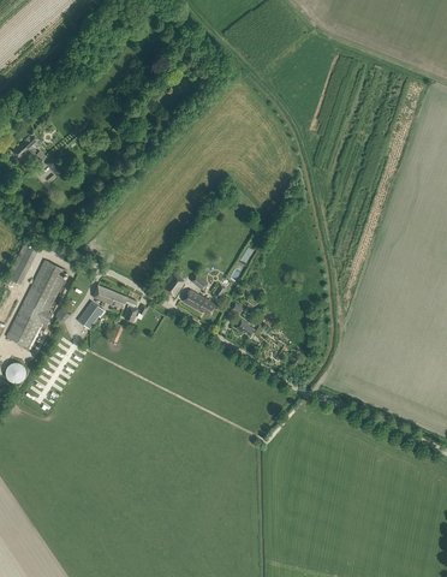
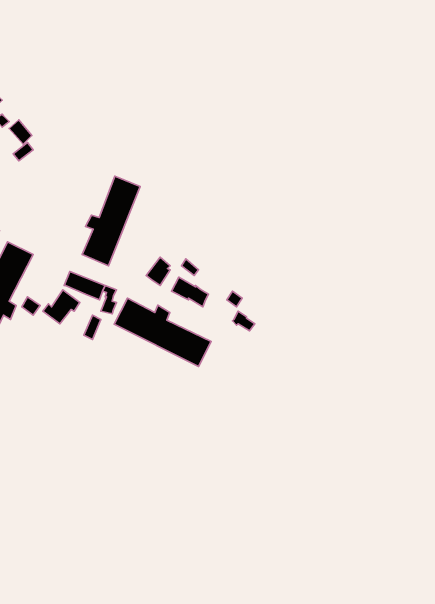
building: none -> [82,176,140,266]
building: none -> [114,298,211,366]

